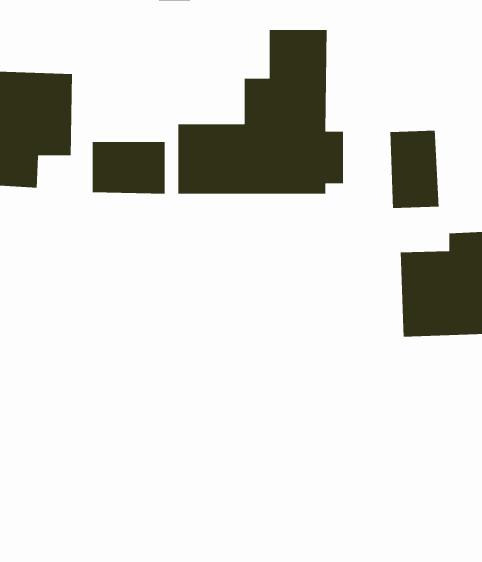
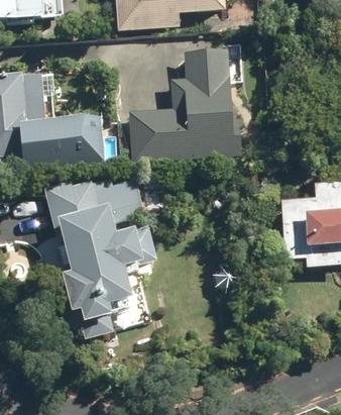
building: [389,130,439,209] -> none
building: none -> [42,177,157,323]

